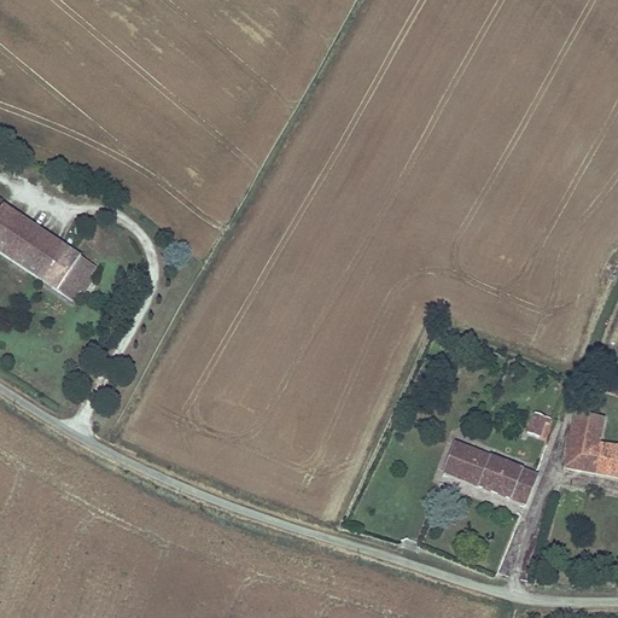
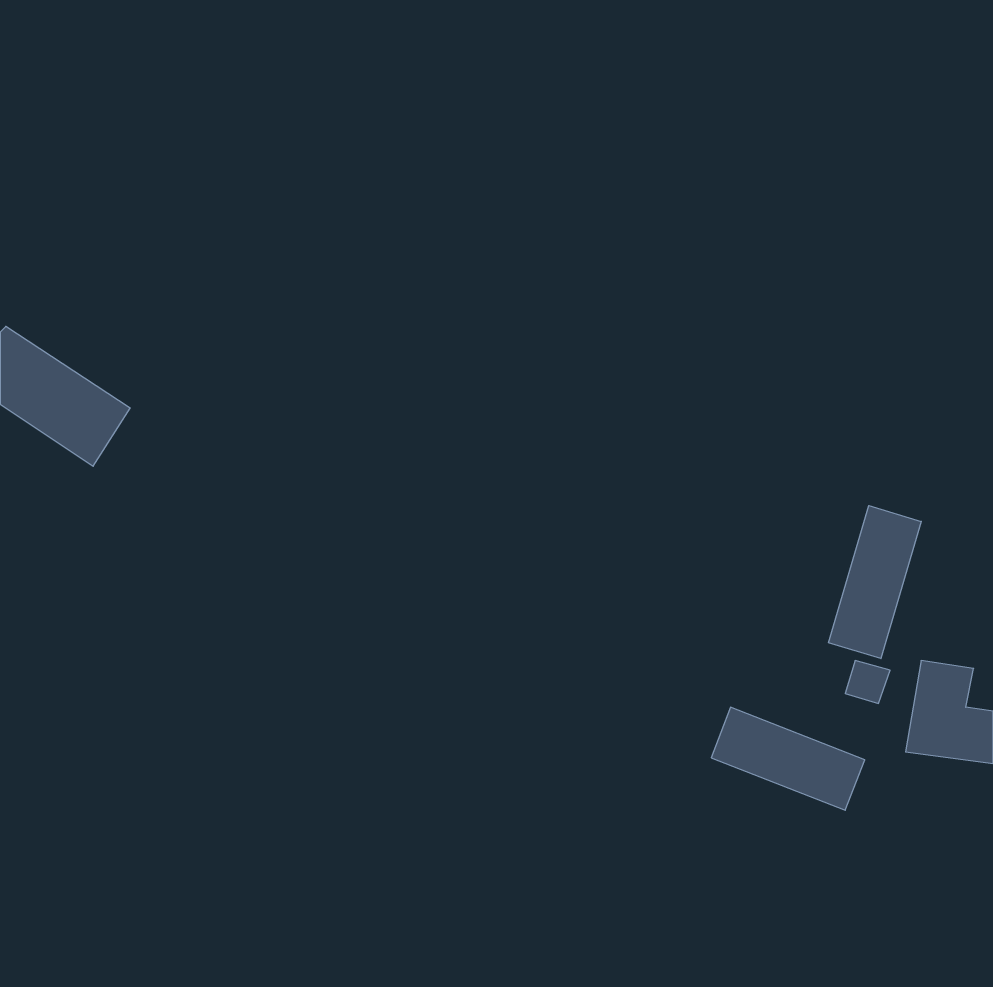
building: [58,253,97,299] -> none
building: none -> [828,506,921,659]

